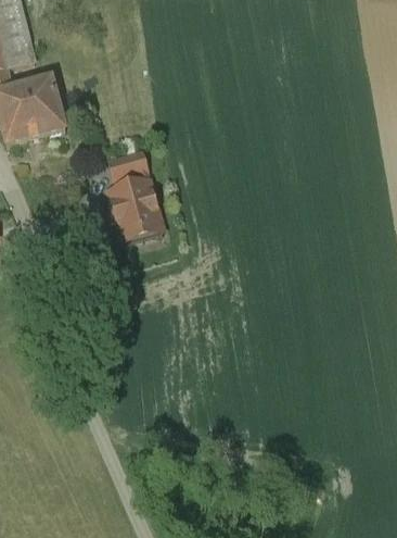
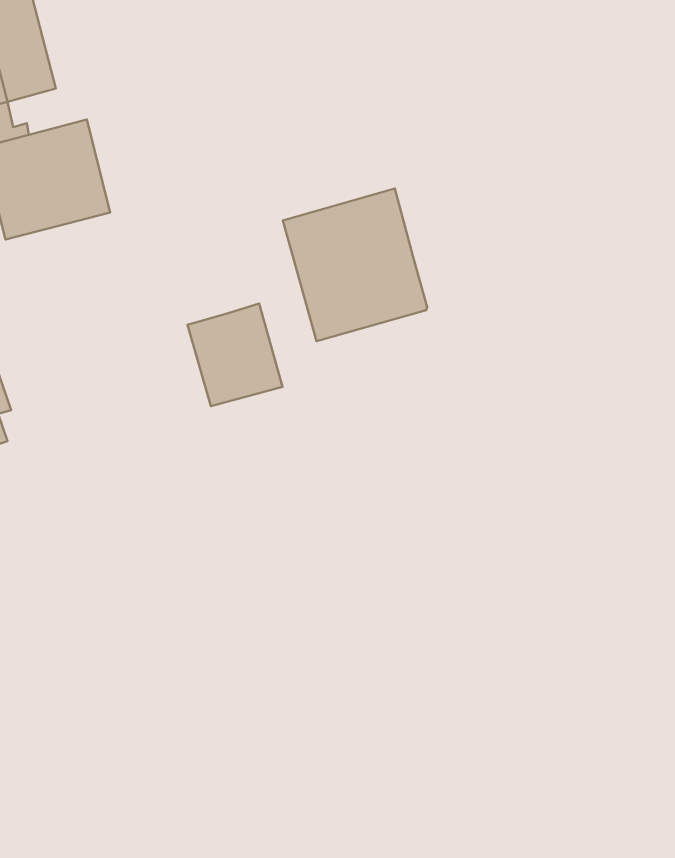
building: none -> [283,188,427,341]
building: [110,151,148,184] -> none

